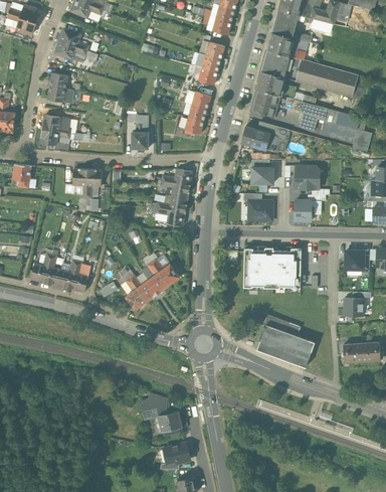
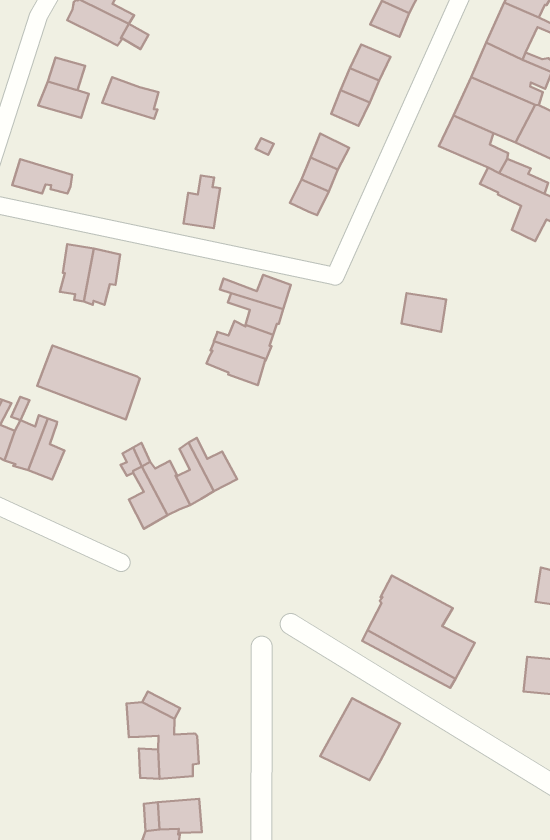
building: [250,89,283,117] -> none
building: [41,115,70,133] -> [102,77,158,119]
building: [241,121,290,150] -> none
building: [295,166,319,189] -> none
building: [247,200,272,220] -> none
building: [294,200,313,221] -> none
building: none -> [37,346,140,420]
building: [243,248,300,289] -> none
building: none -> [320,698,400,780]

